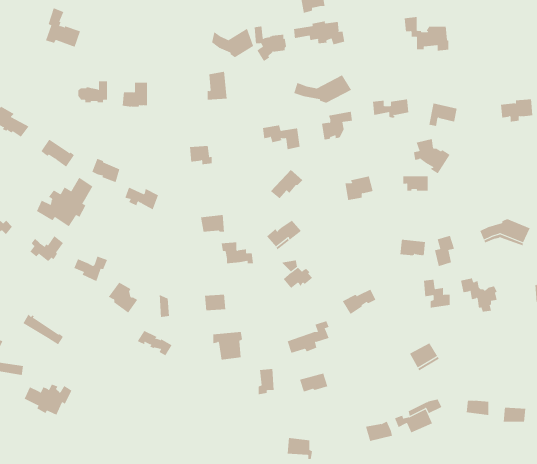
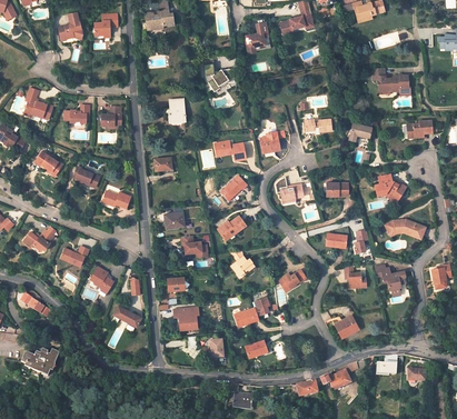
building: [45,8,81,48] -> [23,87,52,119]
building: [404,17,449,51] -> [372,66,409,93]
building: [293,21,345,45] -> none
building: [211,28,254,58] -> none
building: [293,74,352,104] -> none
building: [413,138,450,174] -> [377,173,407,202]
building: [36,177,93,227] -> none

